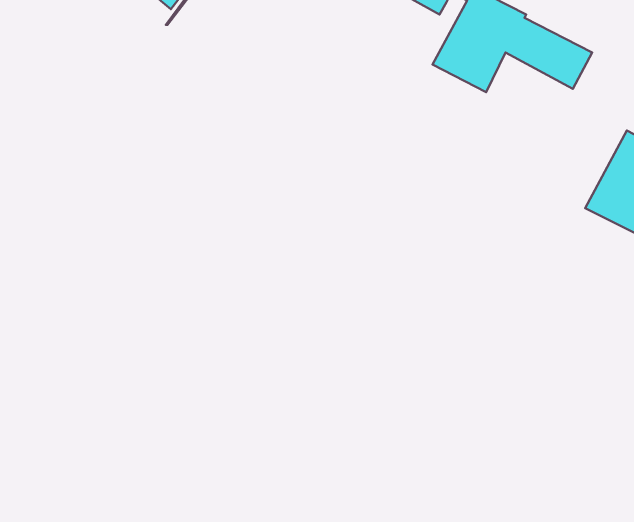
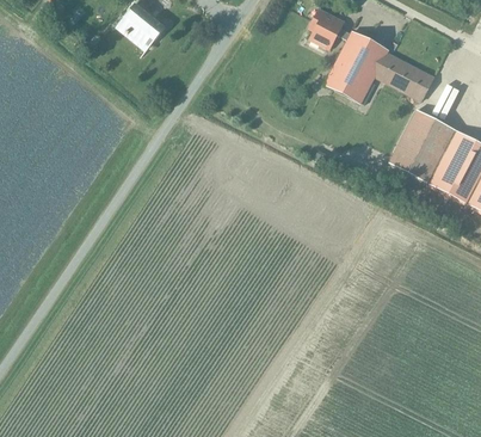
building: none -> [388,107,455,181]

